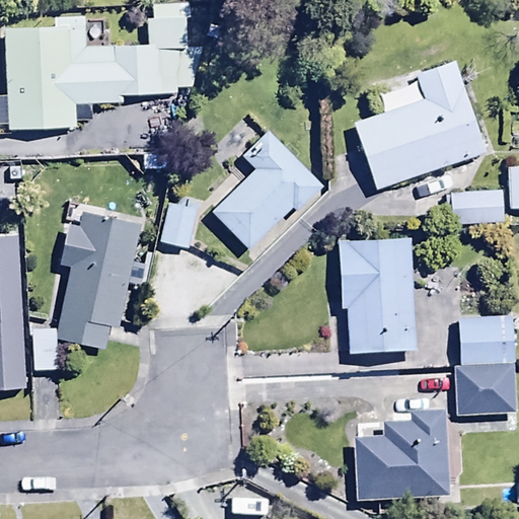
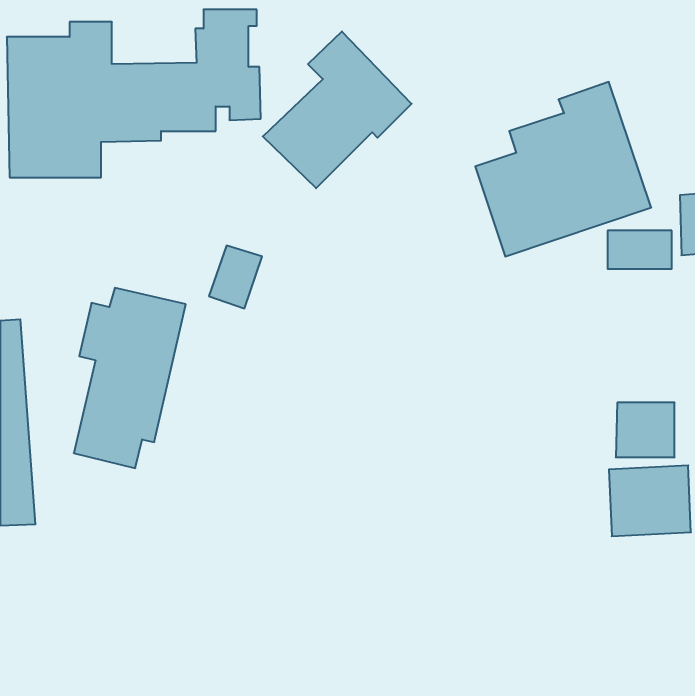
building: [212,135,322,251] -> [263,31,412,188]
building: [339,222,409,336] -> none
building: [350,390,451,487] -> none

